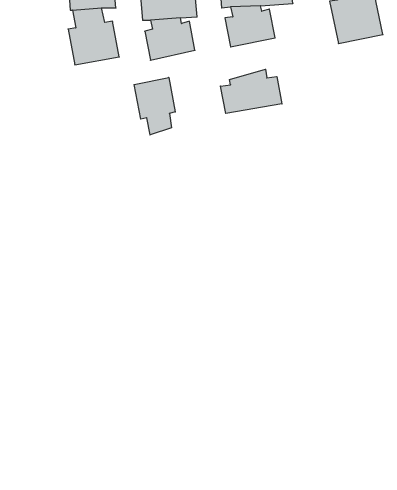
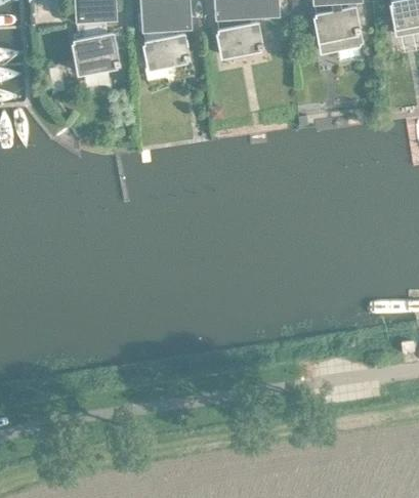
building: [220,69,282,113] -> none
building: [134,77,175,135] -> none

